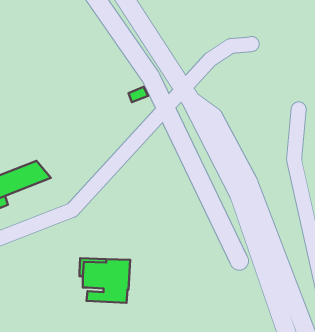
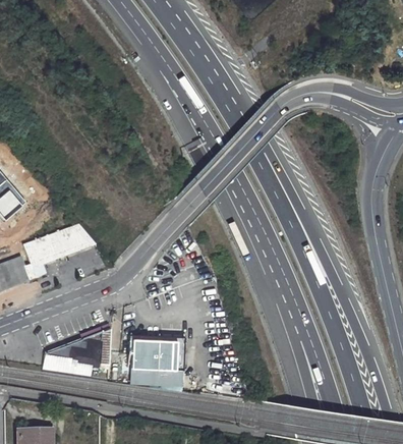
building: none -> [47,329,108,369]

